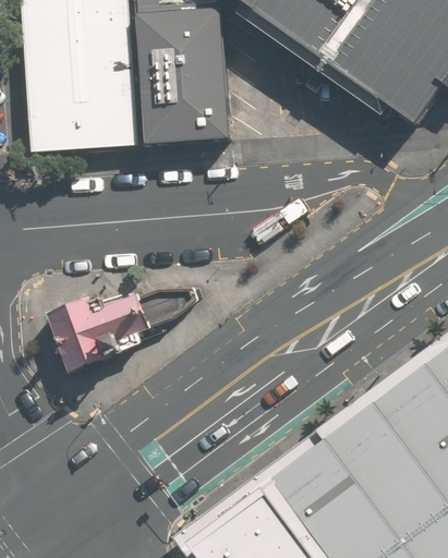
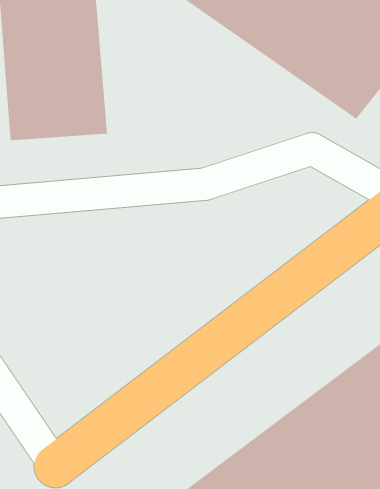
building: [126,8,218,145] -> none
building: [52,286,154,364] -> none

